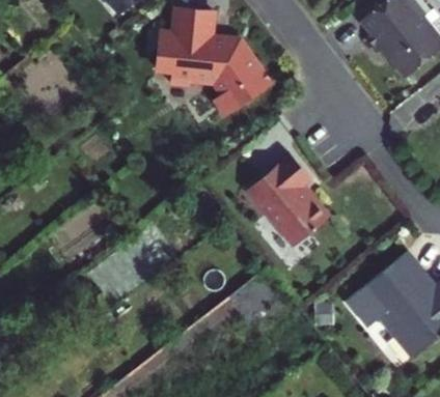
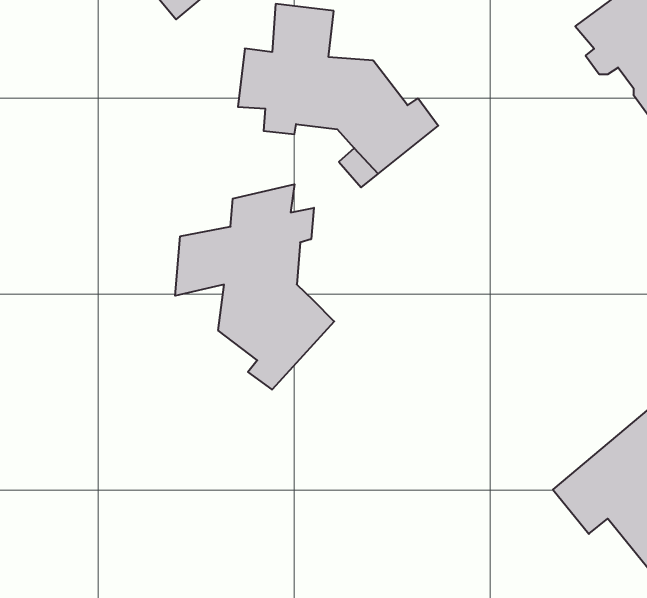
building: none -> [175,184,334,390]
building: [247,152,331,246] -> none

